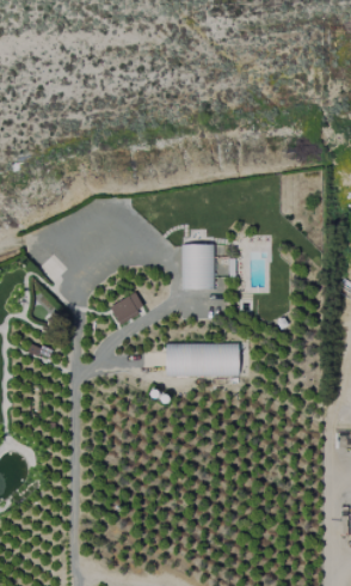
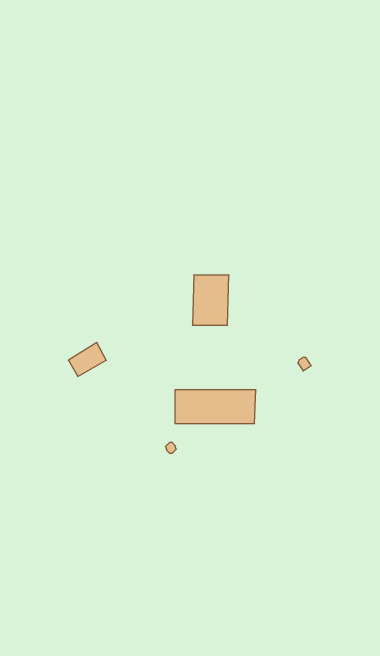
building: [109,291,142,321] -> [68,343,106,376]

